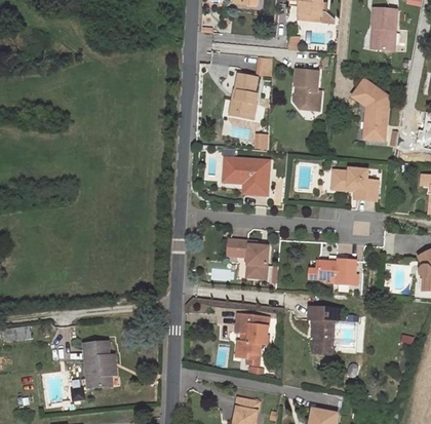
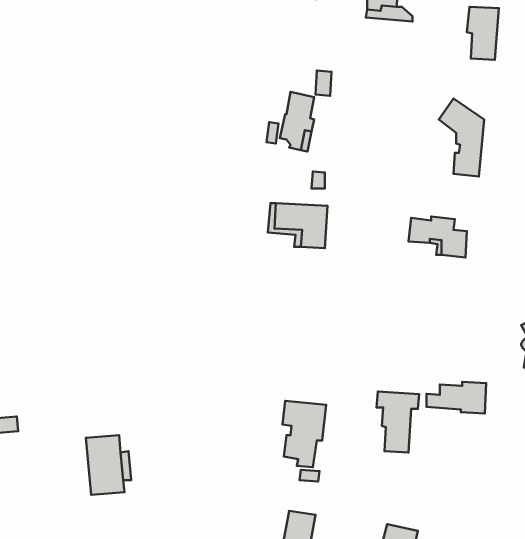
building: [293,71,319,112] -> none
building: [227,239,268,278] -> none
building: [308,260,354,284] -> [426,382,486,414]

